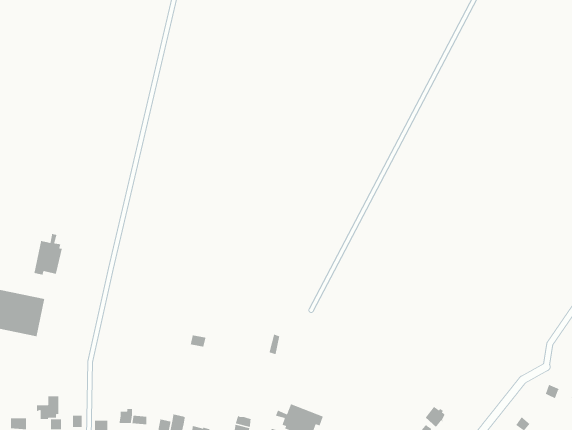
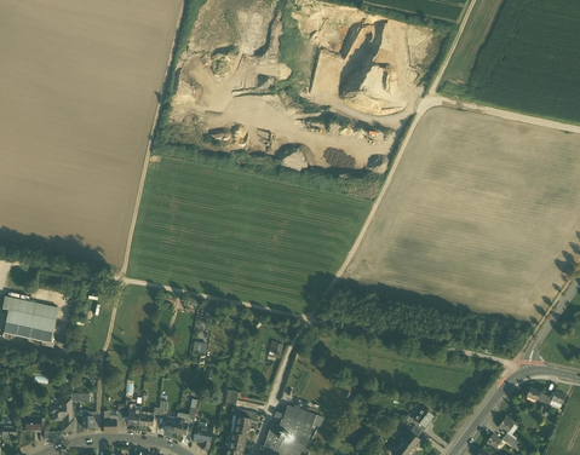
building: [34,233,63,275] -> none

